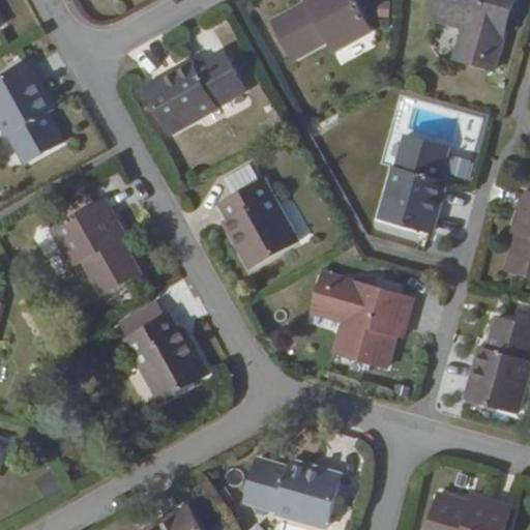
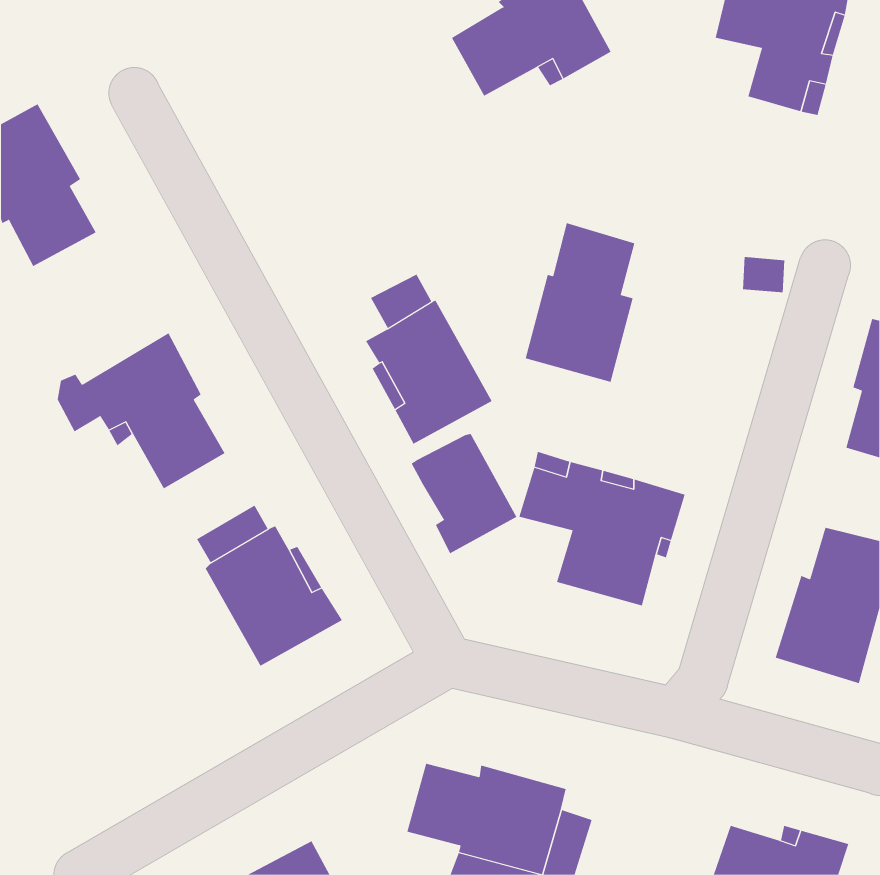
building: [143,53,242,136] -> none
building: [379,134,445,230] -> [525,222,635,383]
building: none -> [411,433,517,554]

